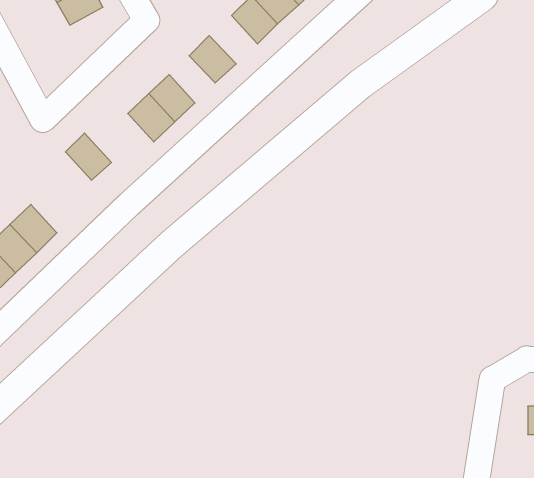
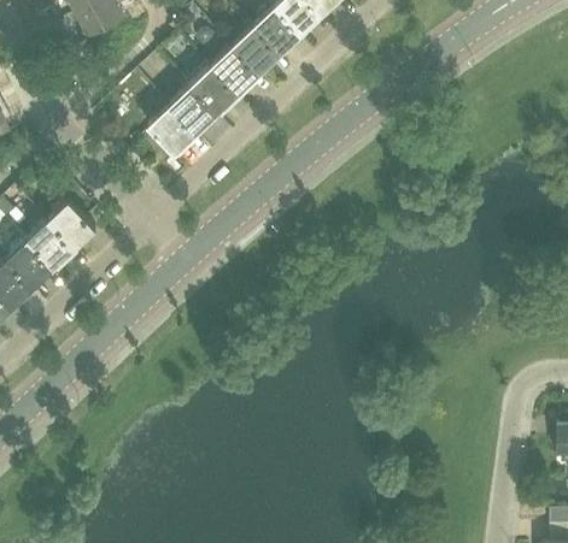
building: none -> [230,26,280,76]
building: none -> [189,67,236,116]
building: [65,133,111,180] -> [48,200,95,248]

